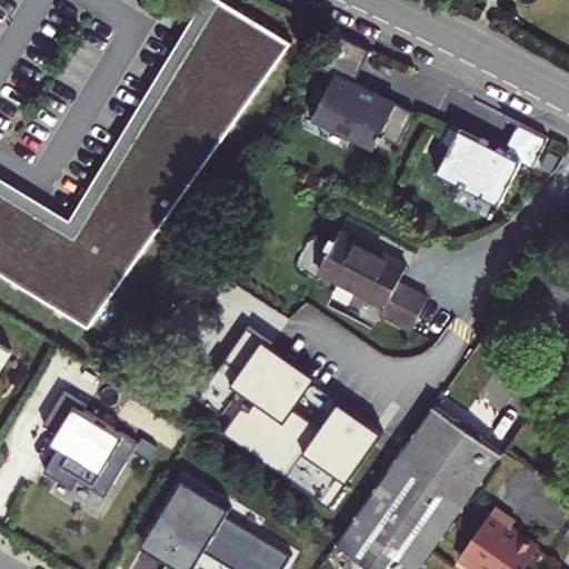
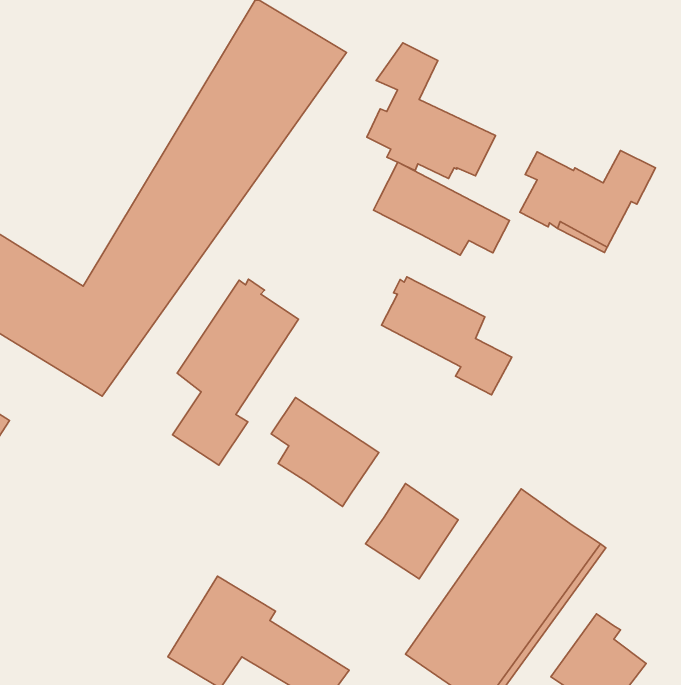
building: none -> [373,162,509,255]
building: none -> [172,279,299,465]
building: [40,392,133,497] -> none
building: [220,400,347,507] -> none

